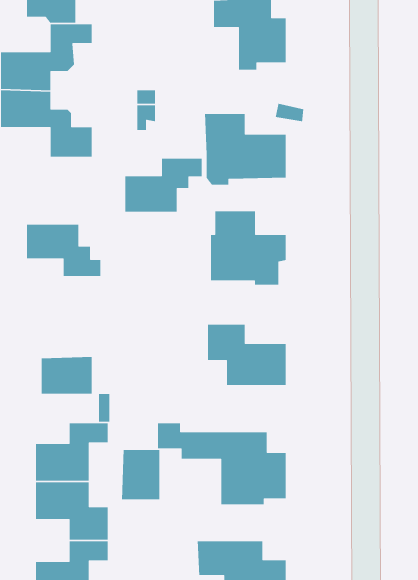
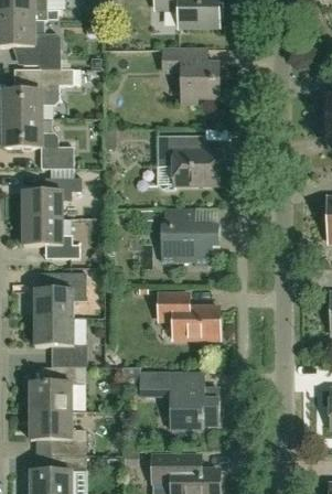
building: [124,158,202,212] -> [22,178,81,218]
building: none -> [33,273,86,319]
building: [121,449,160,500] -> none

